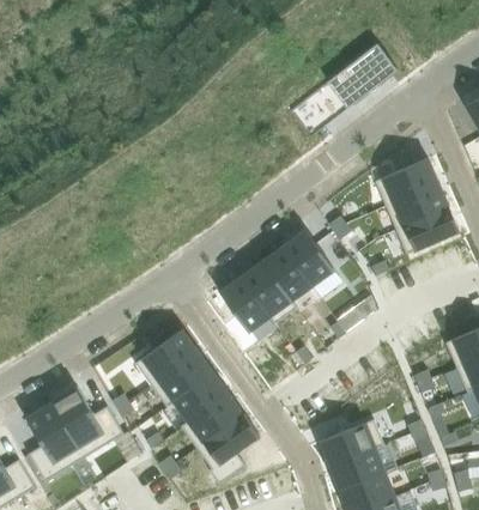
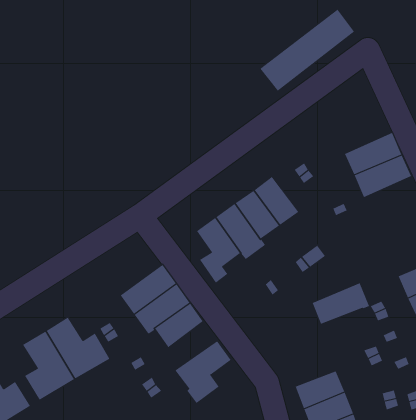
building: [375,157,439,205] -> none
building: [181,391,244,447] -> none
building: [321,418,386,465] -> [312,283,370,324]

